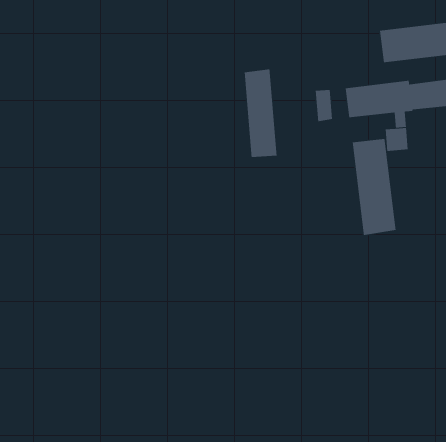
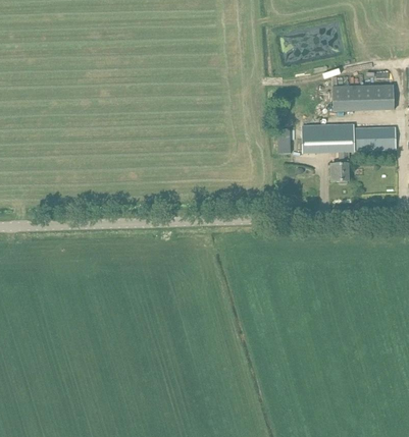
building: [244,69,277,158] -> none
building: [352,138,396,236] -> none

